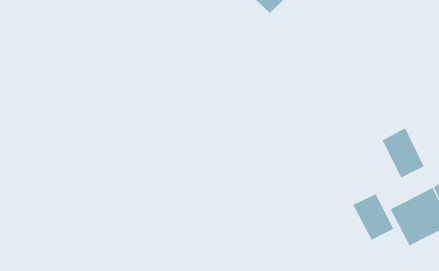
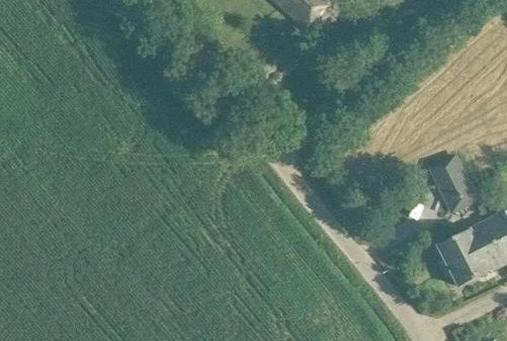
building: [353,193,394,241] -> none

